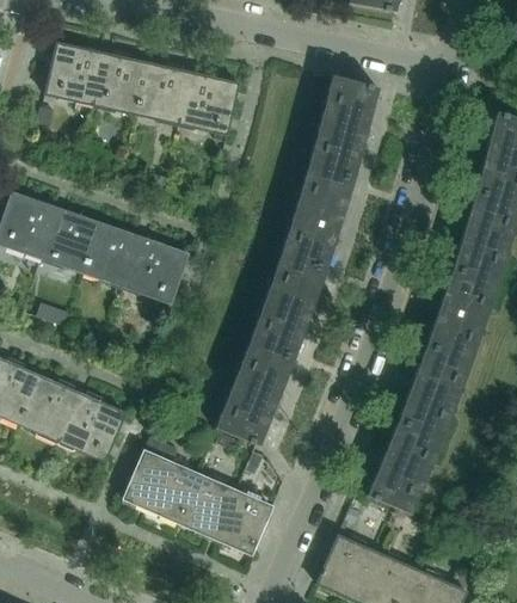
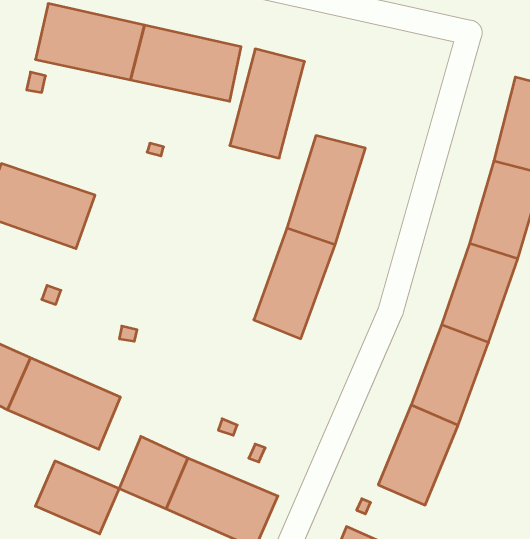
building: [309,75,380,178] -> [230,49,305,158]
building: [84,222,189,303] -> none
building: [216,339,295,445] -> none
building: none -> [35,461,119,534]

